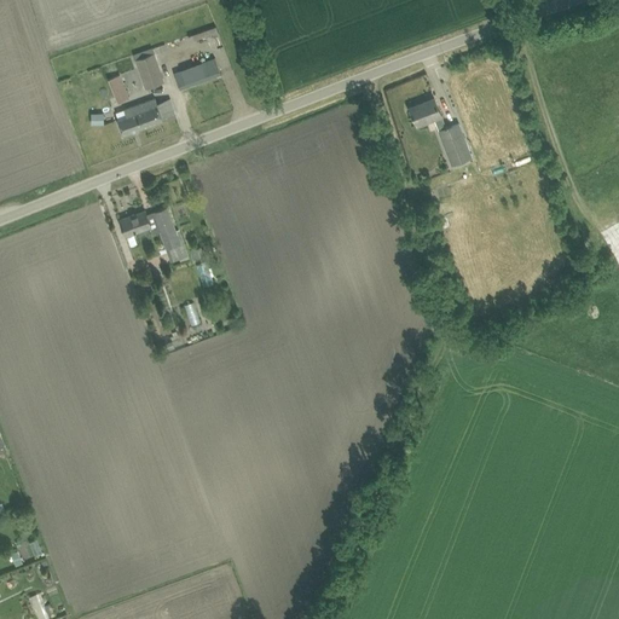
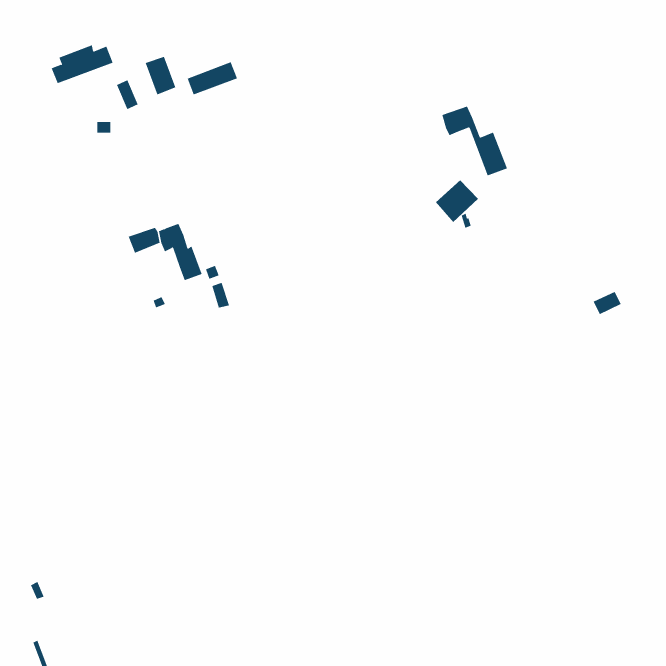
building: [116,98,174,134] -> [51,45,113,84]
building: none -> [435,180,479,223]

